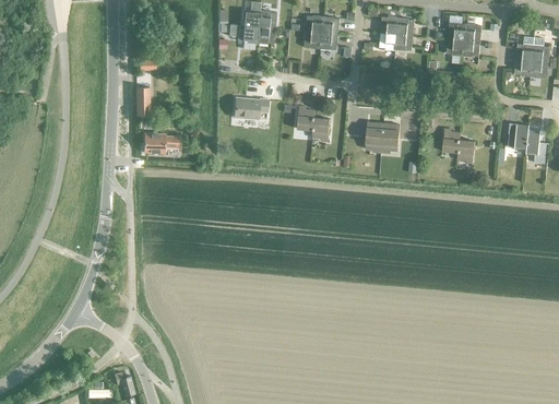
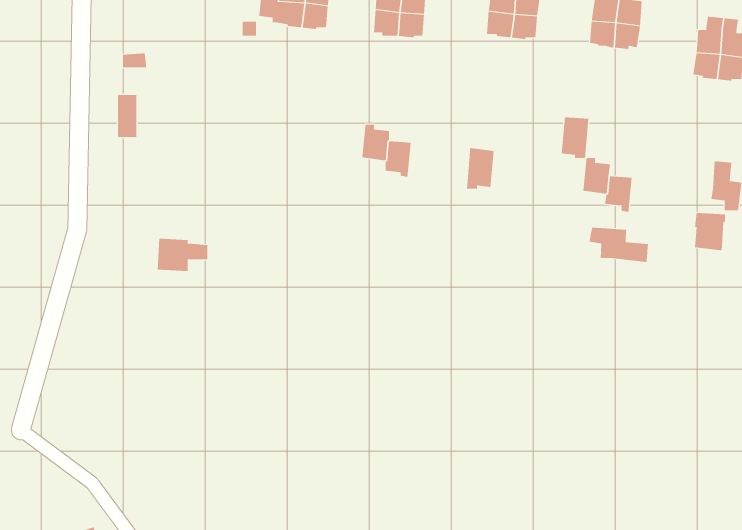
building: [234,96,267,119] -> none
building: [381,123,400,151] -> [561,117,589,158]
building: [508,123,528,148] -> [694,212,726,251]
building: [143,131,177,153] -> [157,238,208,271]
building: none -> [589,227,649,263]

